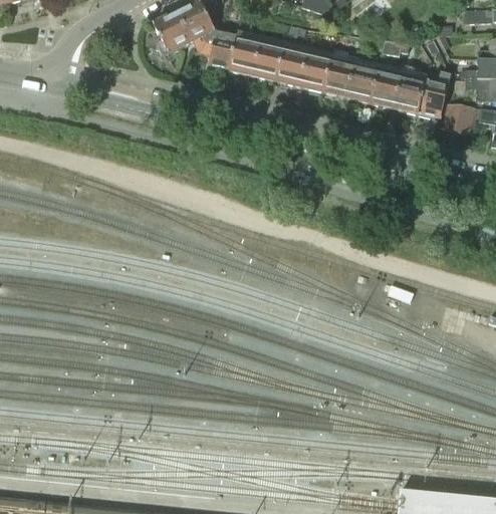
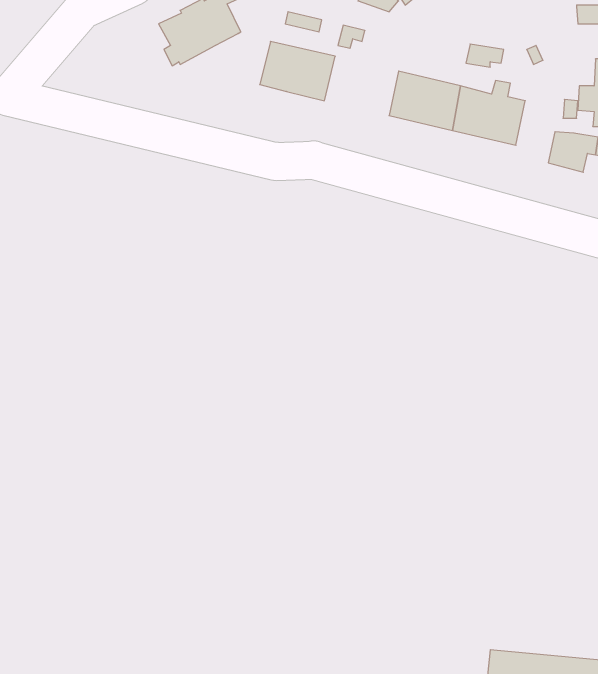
building: [196,30,237,68] -> none
building: [277,47,332,91] -> none
building: [420,72,452,116] -> none

